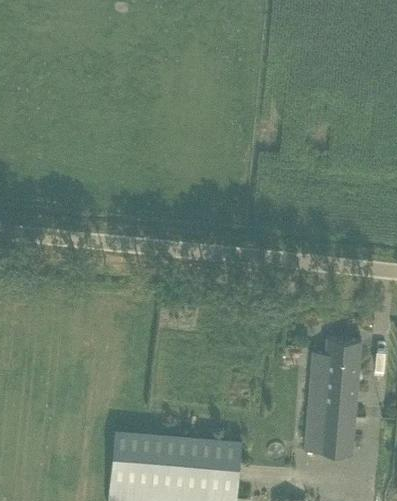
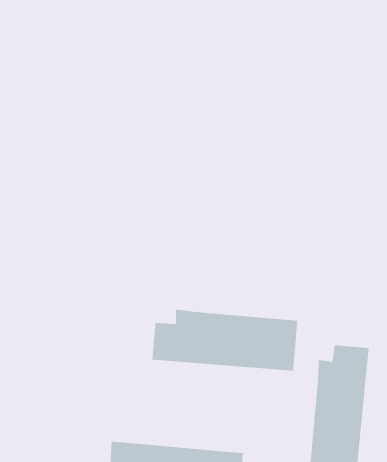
building: none -> [152,309,298,372]

